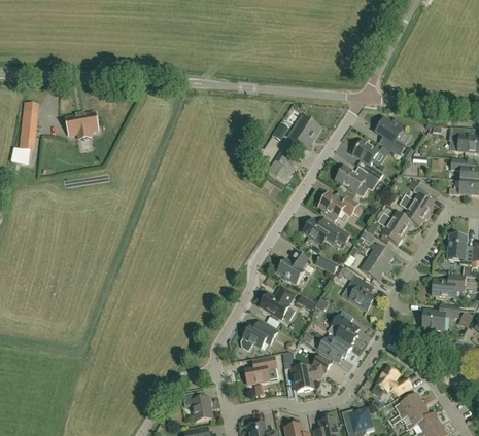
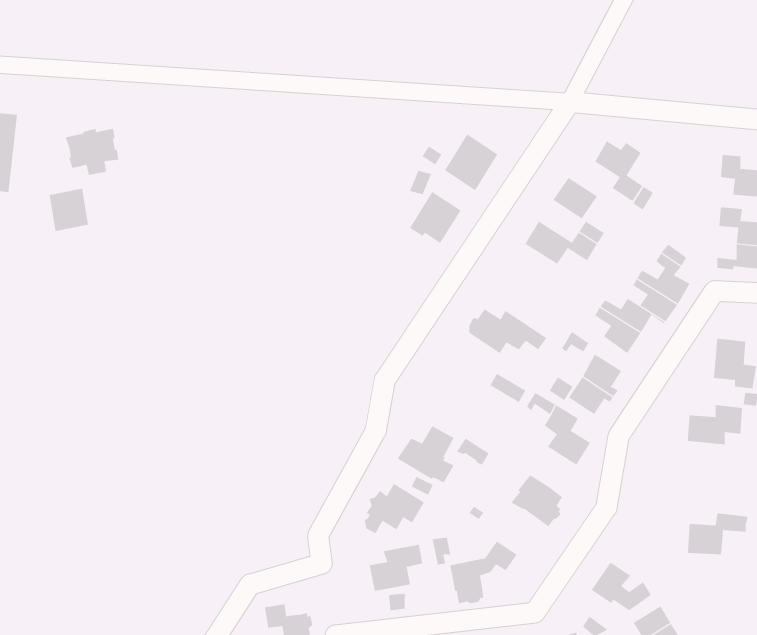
building: none -> [49,188,89,232]
building: [319,192,357,221] -> none
building: [276,251,307,284] -> none
building: [422,304,458,329] -> [687,513,748,555]
building: [318,335,351,361] -> none

